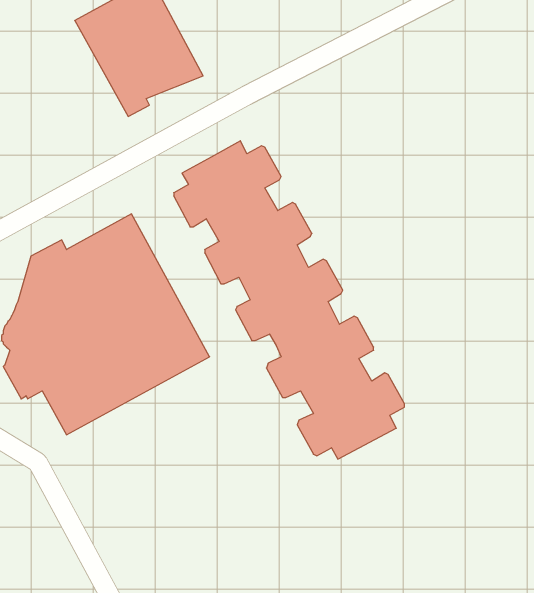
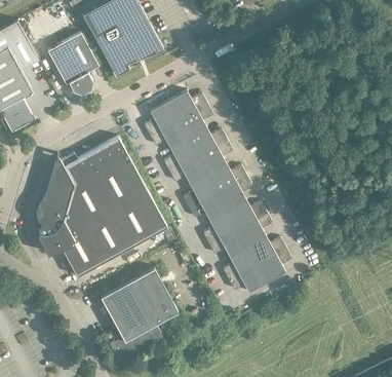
building: none -> [47,33,99,95]
building: none -> [99,263,179,362]

